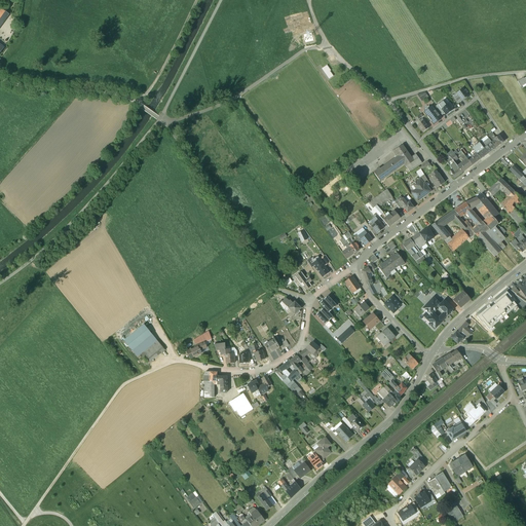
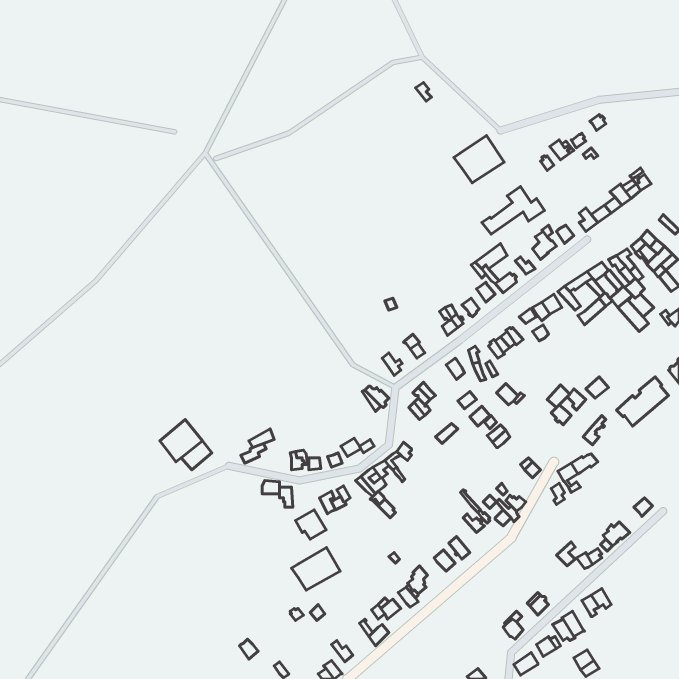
building: none -> [454,135,504,183]
building: none -> [292,547,340,590]

